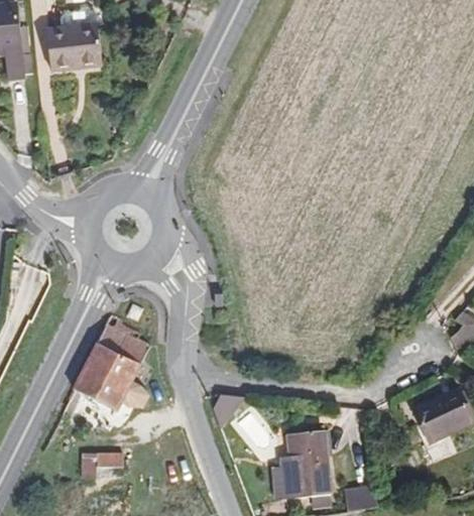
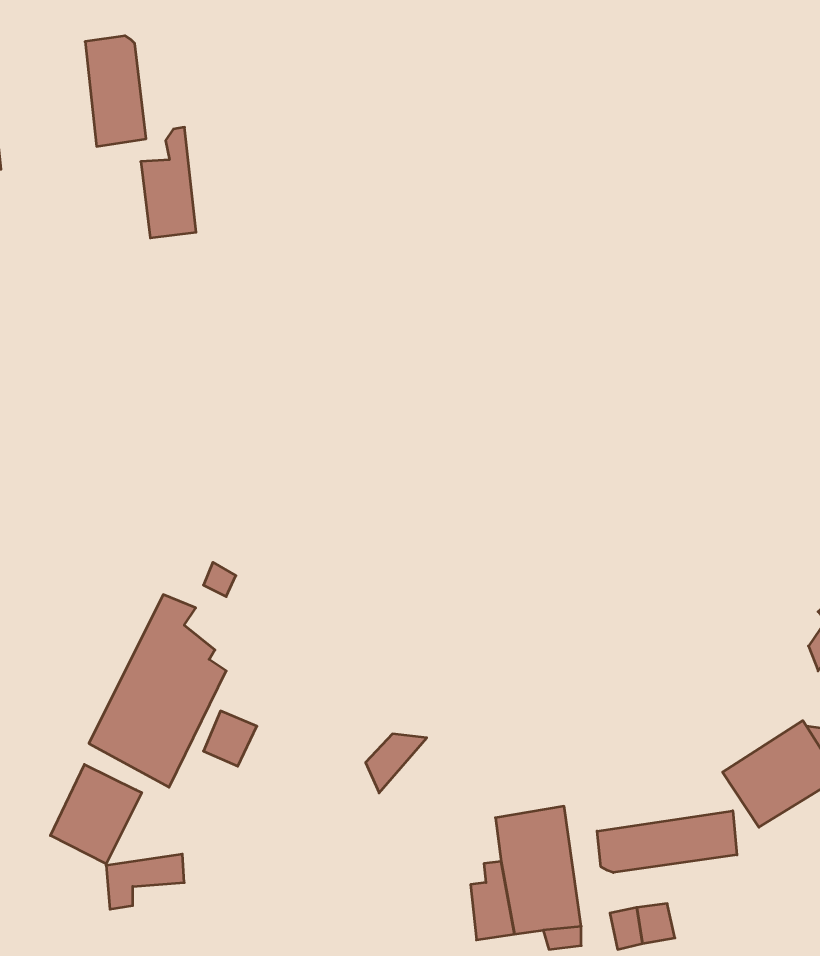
building: [46,22,76,81] -> [141,127,196,238]
building: none -> [50,764,142,864]
building: none -> [597,811,737,873]

